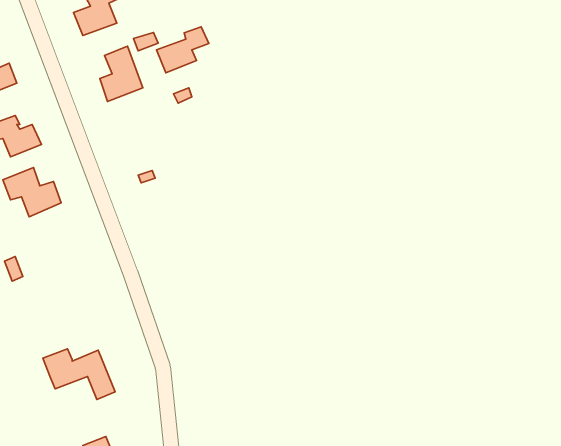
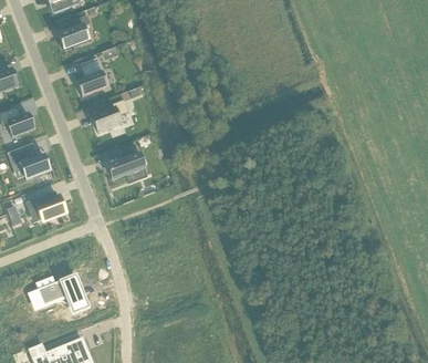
building: [157,27,209,73] -> [92,100,129,133]
building: none -> [108,144,145,179]
building: none -> [25,195,65,221]

